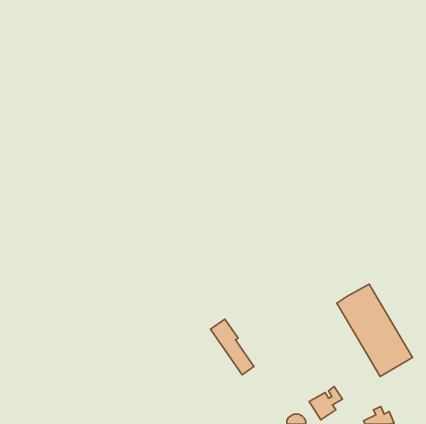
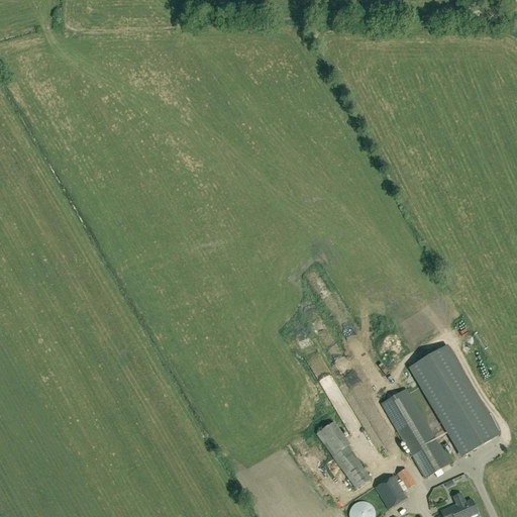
building: [211,319,254,375] -> [318,420,371,488]
building: none -> [381,389,449,477]

